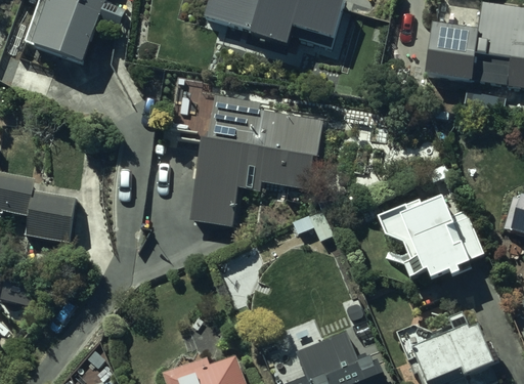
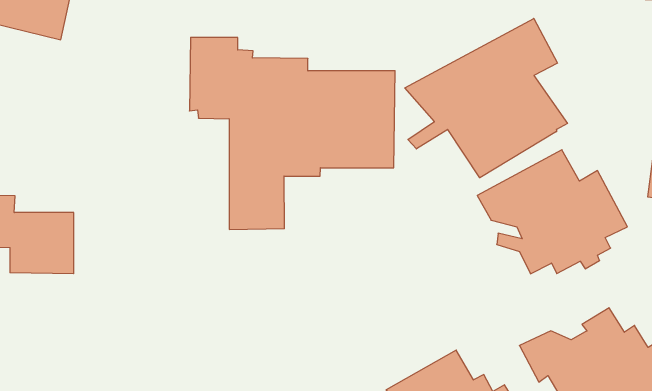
building: none -> [405,18,567,178]

